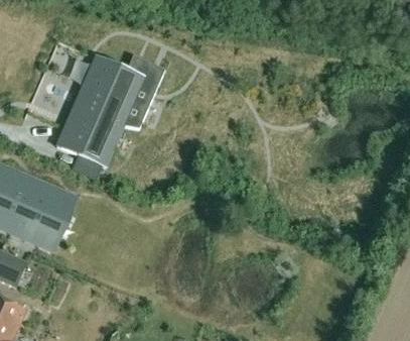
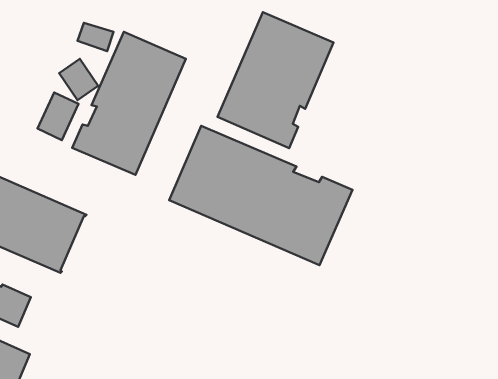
building: none -> [218,12,333,148]
building: none -> [169,126,353,265]

